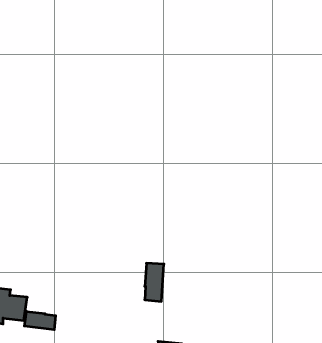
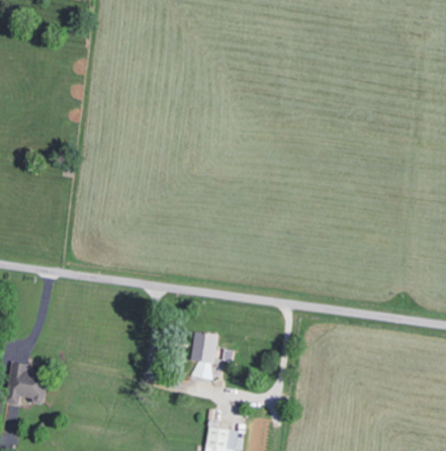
building: [24,311,56,330] -> none

